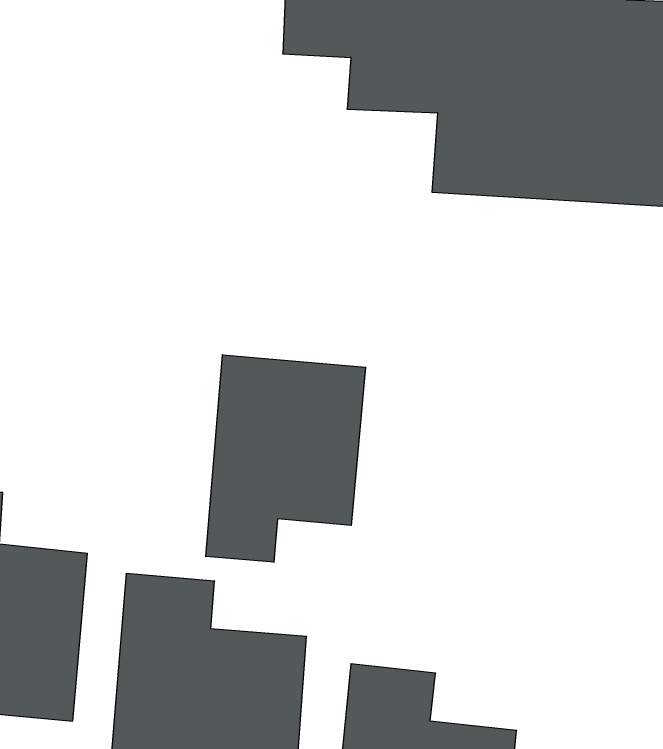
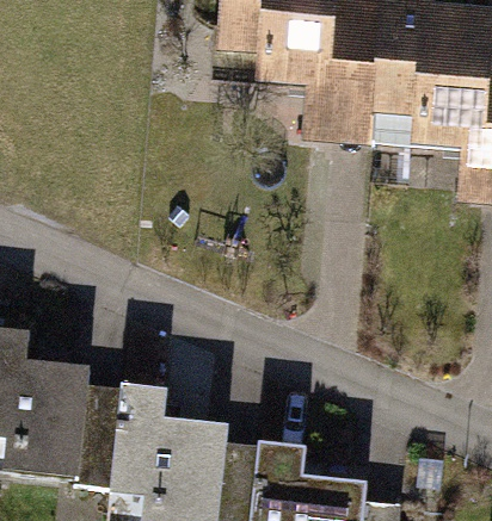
building: [206,355,366,562] -> none

